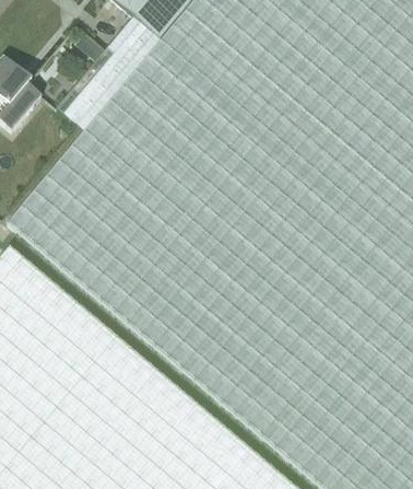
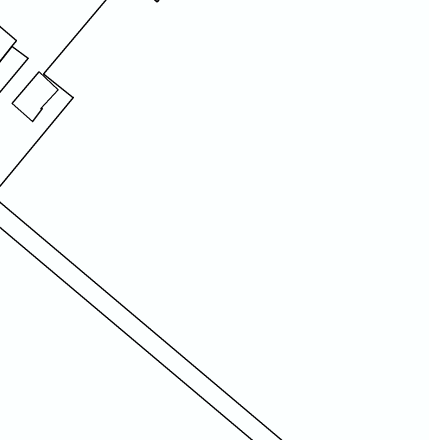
building: none -> [12,72,58,122]

